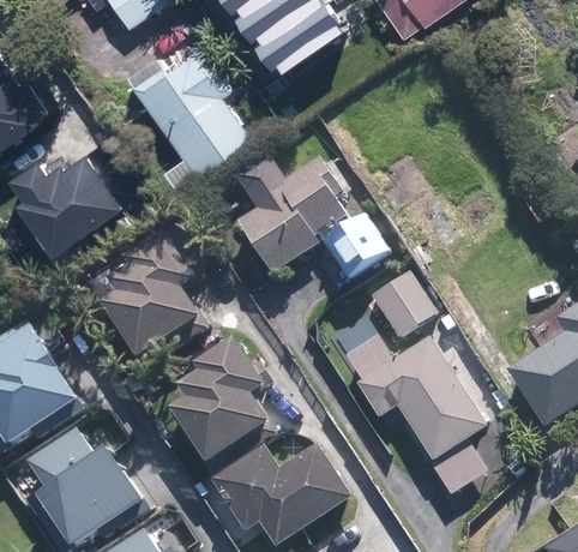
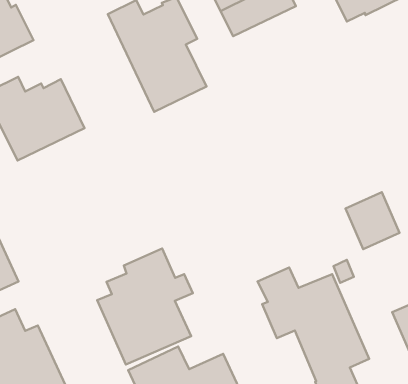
building: [235,155,389,280] -> none
building: [98,229,211,367] -> none
building: [371,271,436,340] -> [346,192,399,249]

